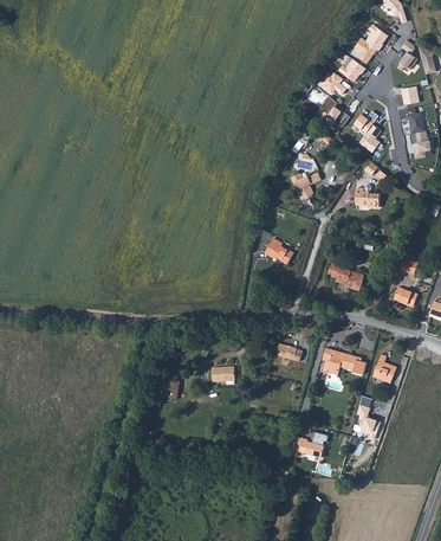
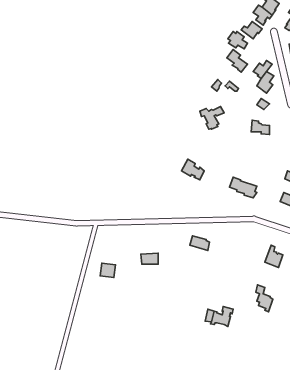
building: [319,346,364,374] -> none

